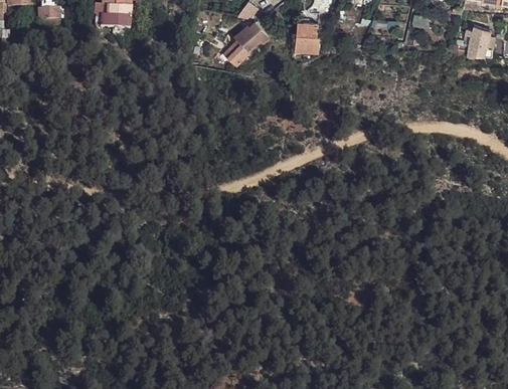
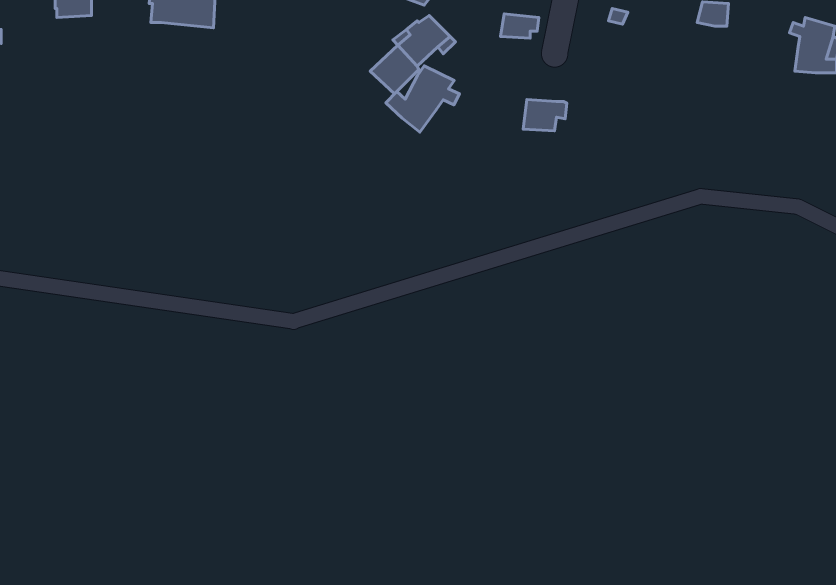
building: [295,35,320,53] -> [523,100,567,131]
building: none -> [386,66,459,132]

